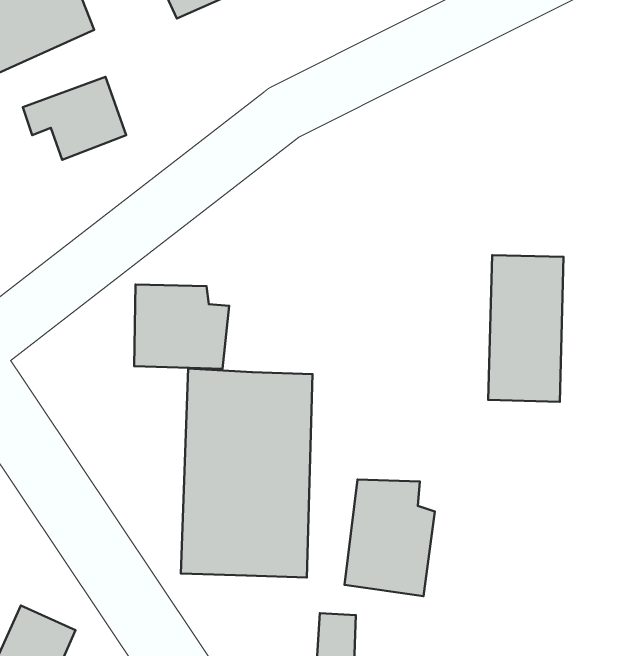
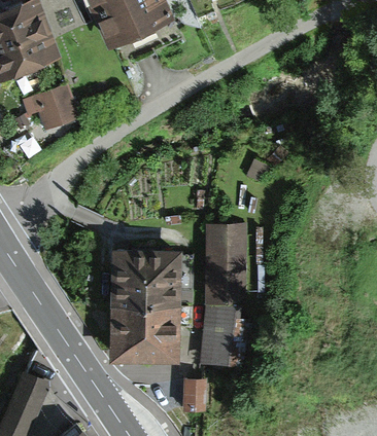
building: [488,255,564,402] -> [205,220,246,300]
building: [134,285,229,369] -> none

